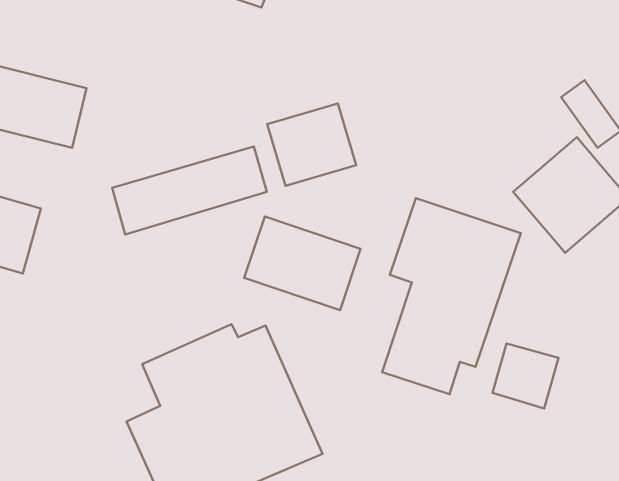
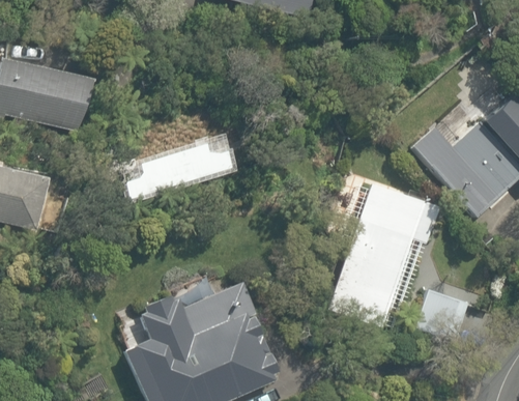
building: [267,103,356,186] -> none
building: [244,216,361,310] -> none

